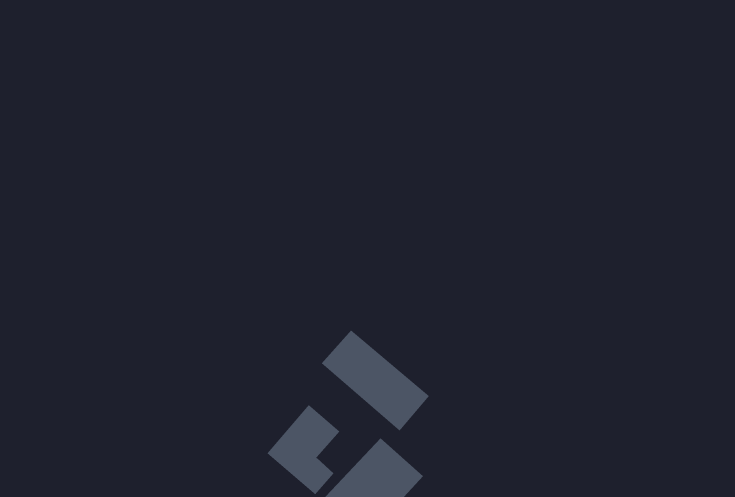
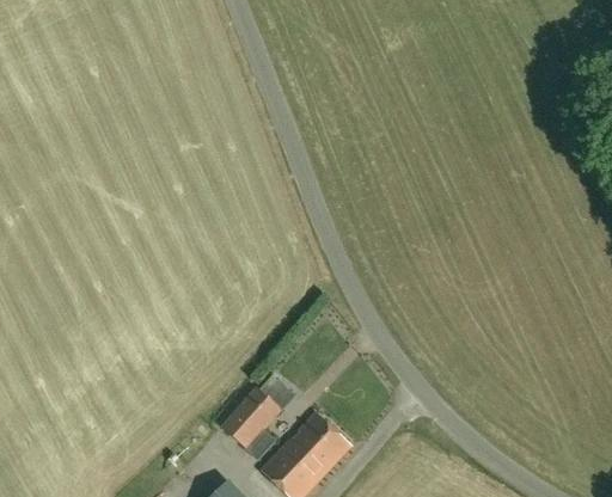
building: [321,329,430,431] -> none

